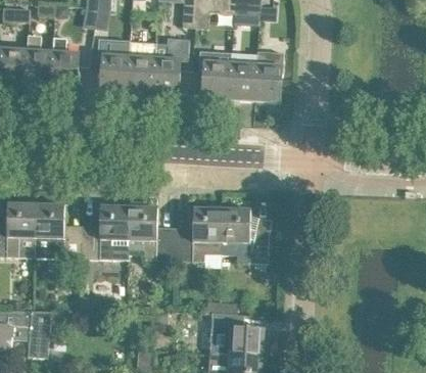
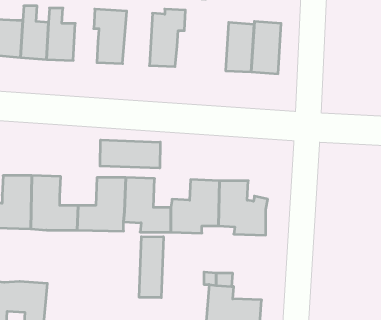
building: [126,40,155,94] -> none
building: [197,50,231,99] -> none
building: none -> [100,140,160,168]
building: none -> [139,237,163,298]

